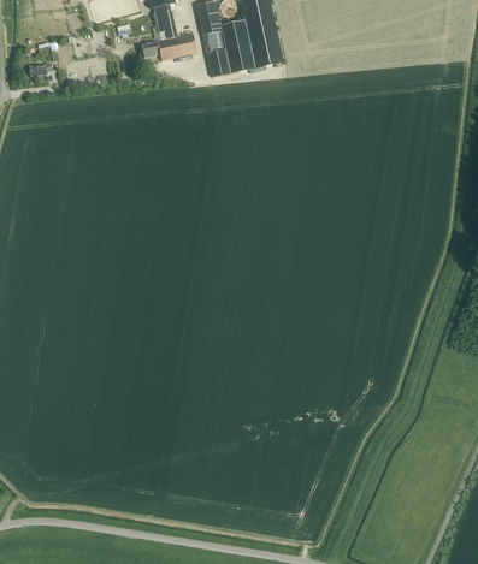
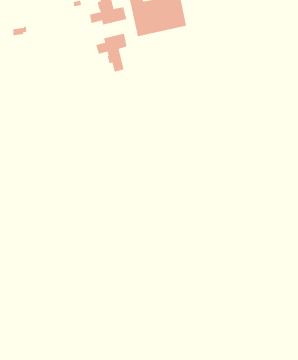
building: none -> [96,33,127,72]

